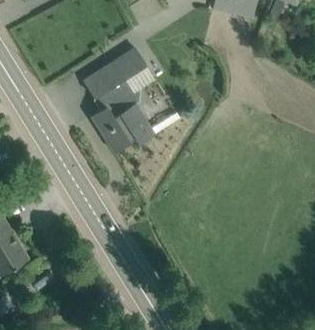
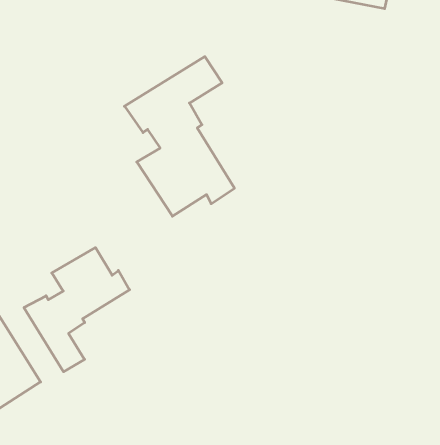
building: none -> [24,248,130,372]

